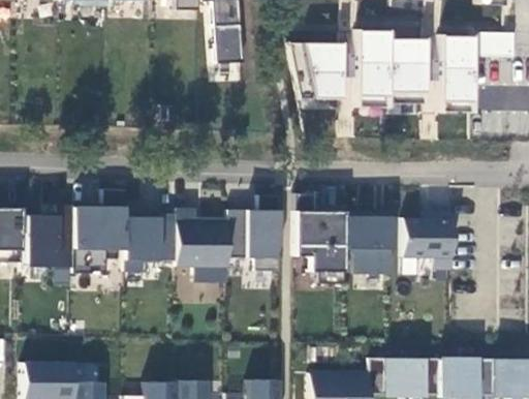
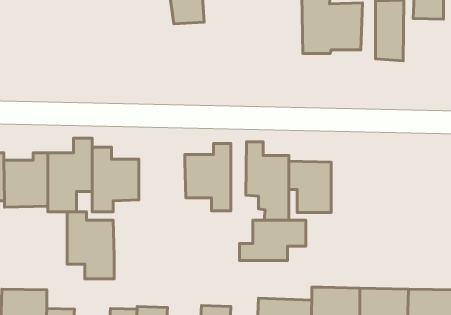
building: [293,42,344,98] -> none
building: [177,208,229,283] -> [67,212,114,279]
building: [401,211,454,271] -> none
building: none -> [239,220,306,260]

